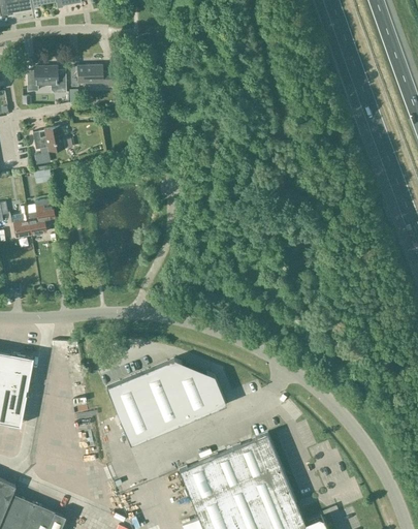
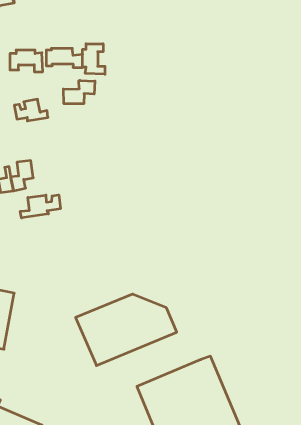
building: none -> [83,44,105,74]
building: none -> [63,80,95,104]
building: none -> [20,195,60,218]

